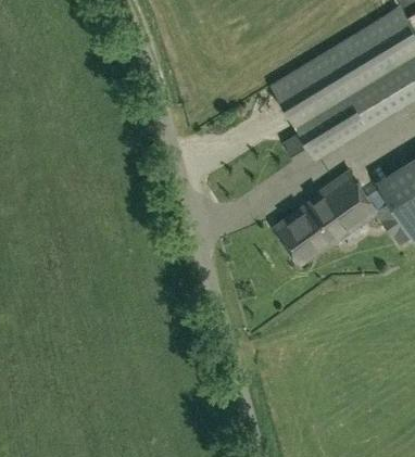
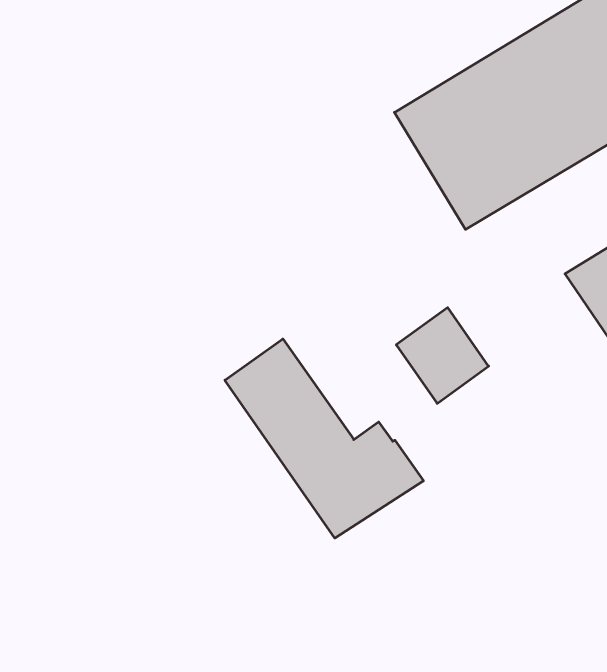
building: [304,173,374,241] -> none
building: none -> [225,339,423,538]

